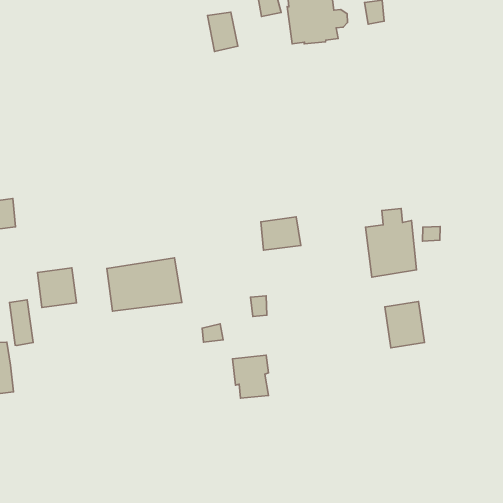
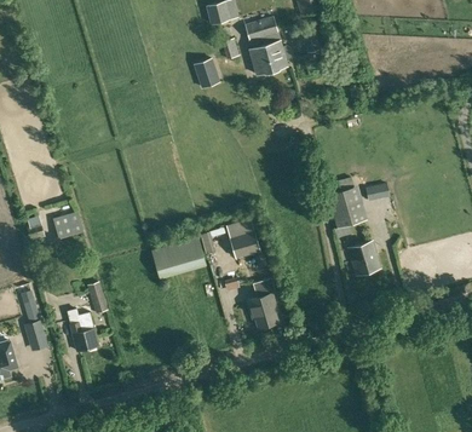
building: [261,217,301,250] -> [231,231,261,258]
building: [37,268,76,308] -> none

